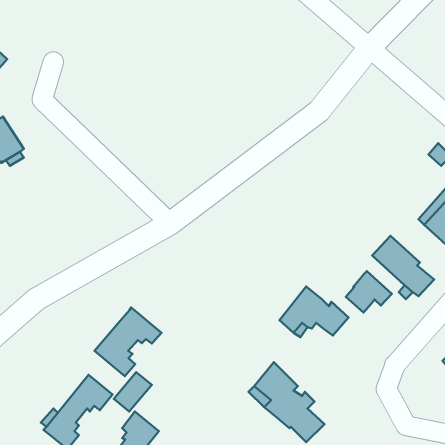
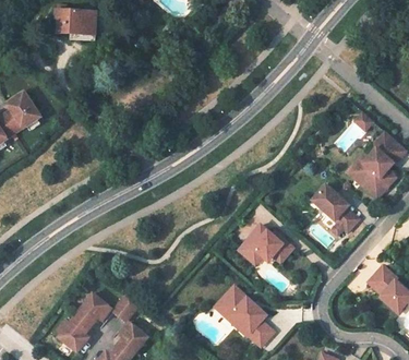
building: none -> [57,10,98,34]
building: [346,271,392,312] -> none
building: [95,307,161,376] -> none

